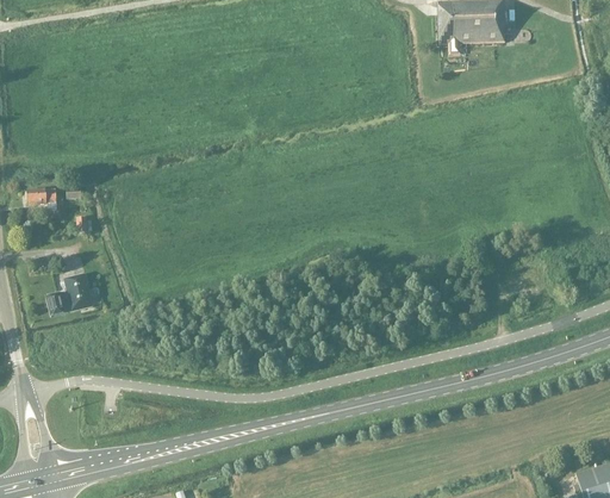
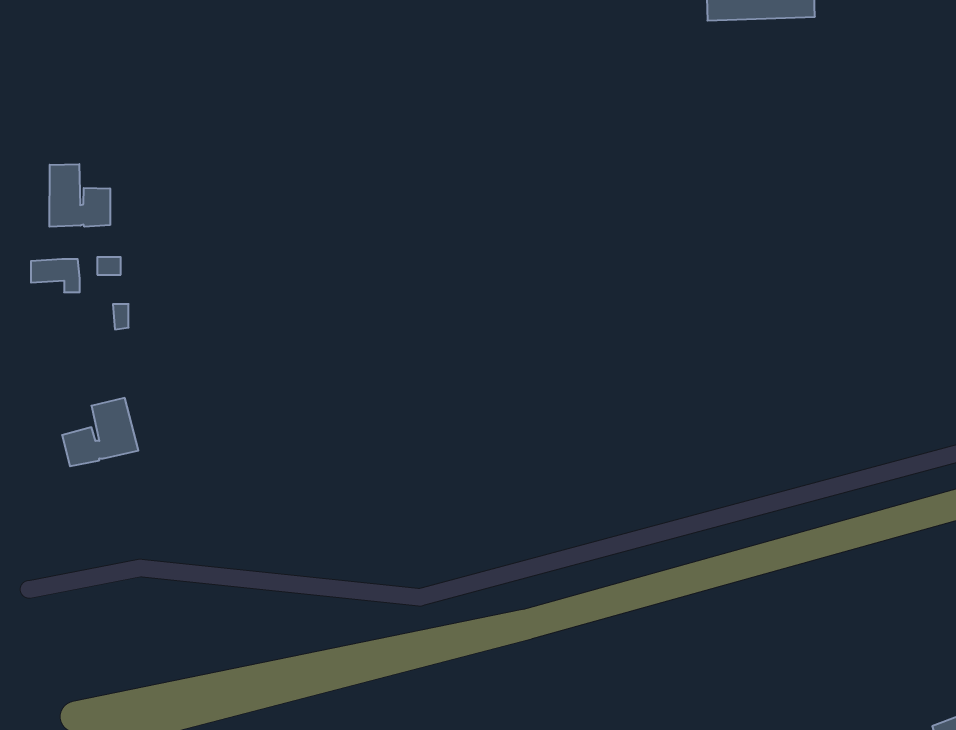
building: none -> [49,164,110,227]

